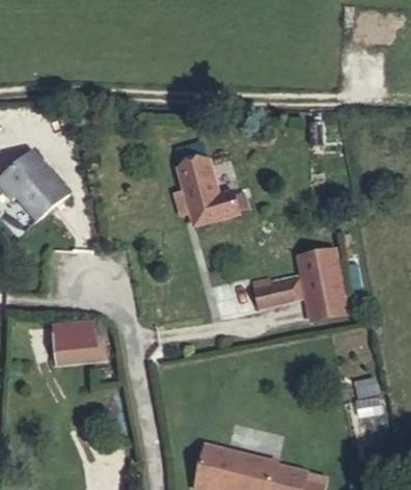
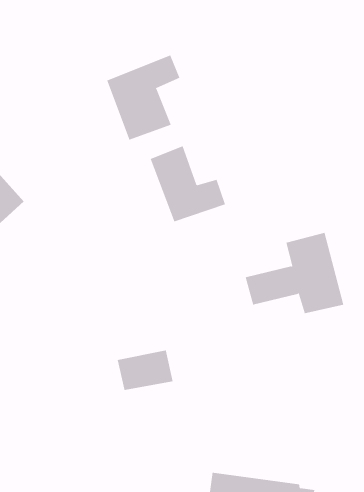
building: none -> [106,54,180,141]
building: [59,324,106,355] -> [117,350,174,390]

